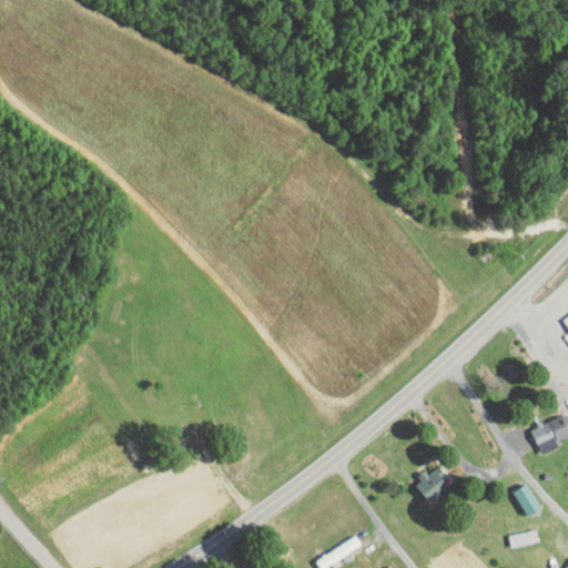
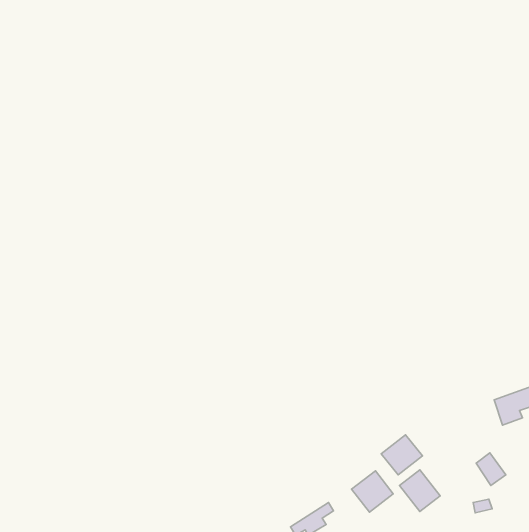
building: none -> [399,470,440,511]
building: none -> [352,471,393,512]

